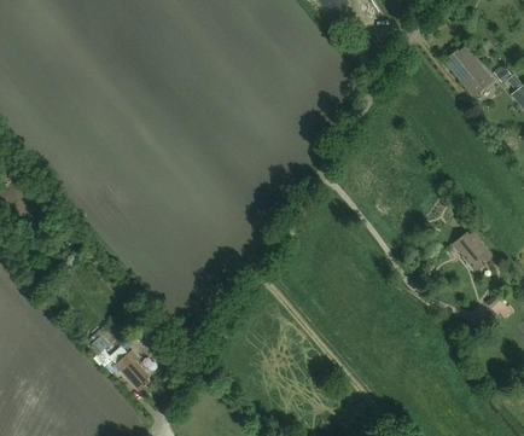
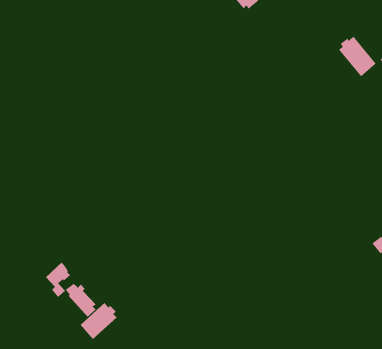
building: [452,231,494,272] -> none
building: none -> [80,302,117,340]

